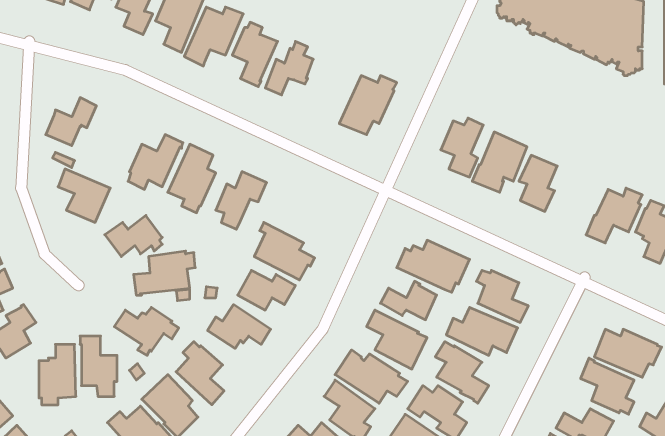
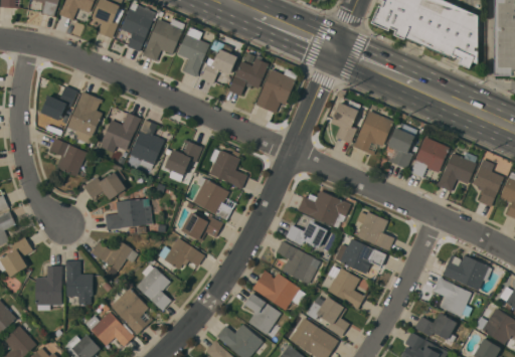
building: none -> [228,58,269,97]
building: none -> [67,92,103,143]
building: none -> [410,137,450,178]
building: none -> [209,149,248,189]

